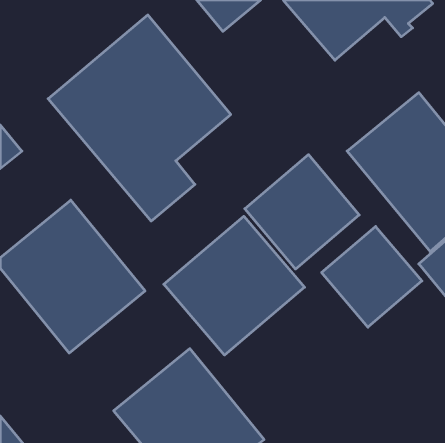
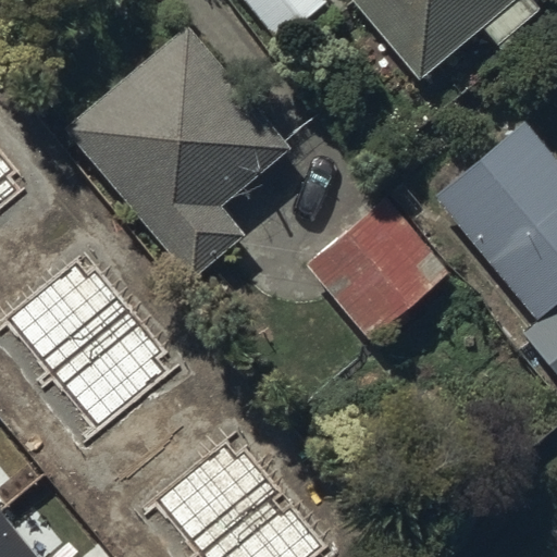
building: [164,216,305,355] -> none
building: [322,226,422,327] -> none

